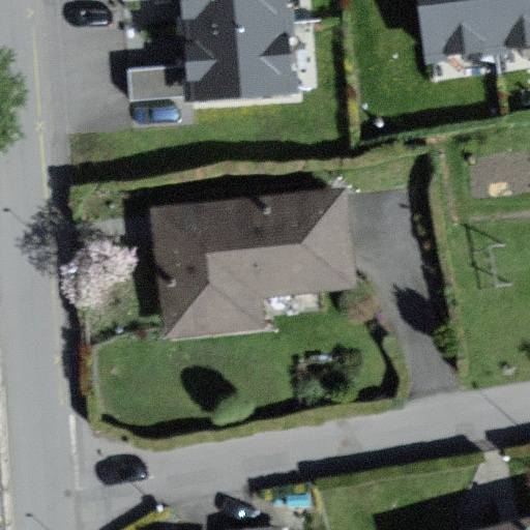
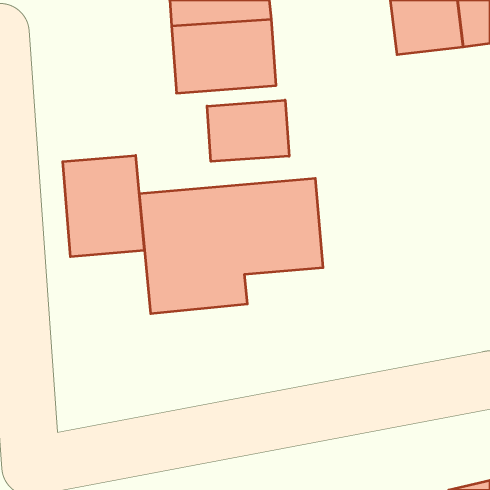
building: none -> [207,100,289,161]
building: none -> [63,155,144,257]

